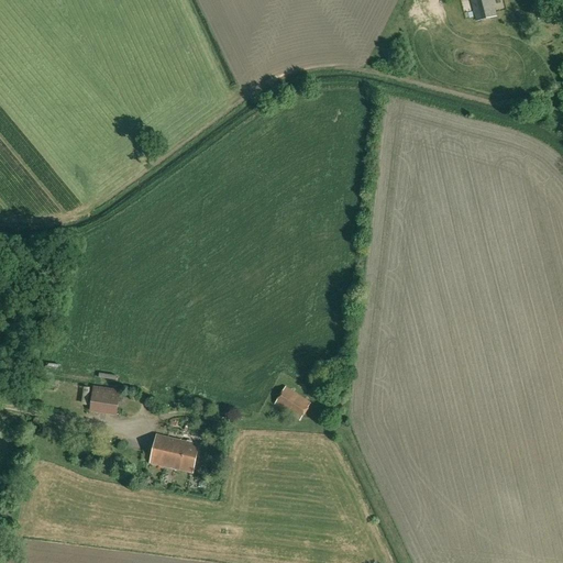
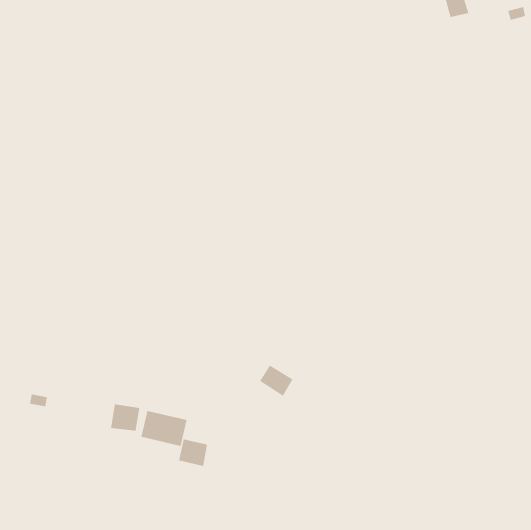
building: [88,384,120,413] -> [110,403,140,431]
building: none -> [178,439,208,467]

